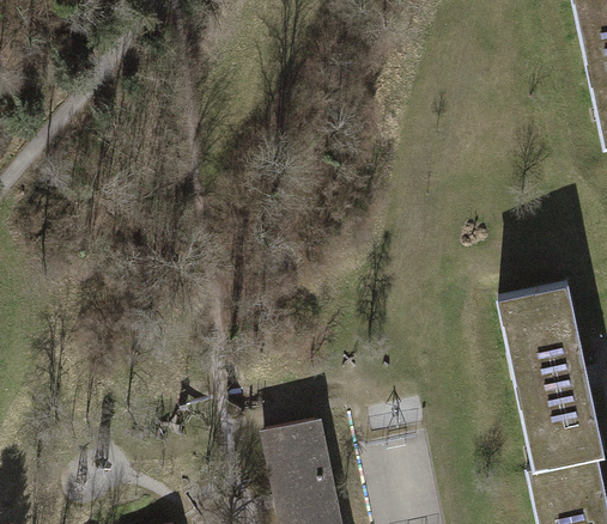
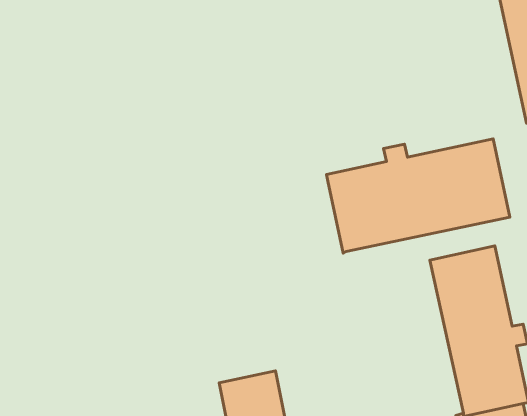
building: none -> [326,139,510,253]

